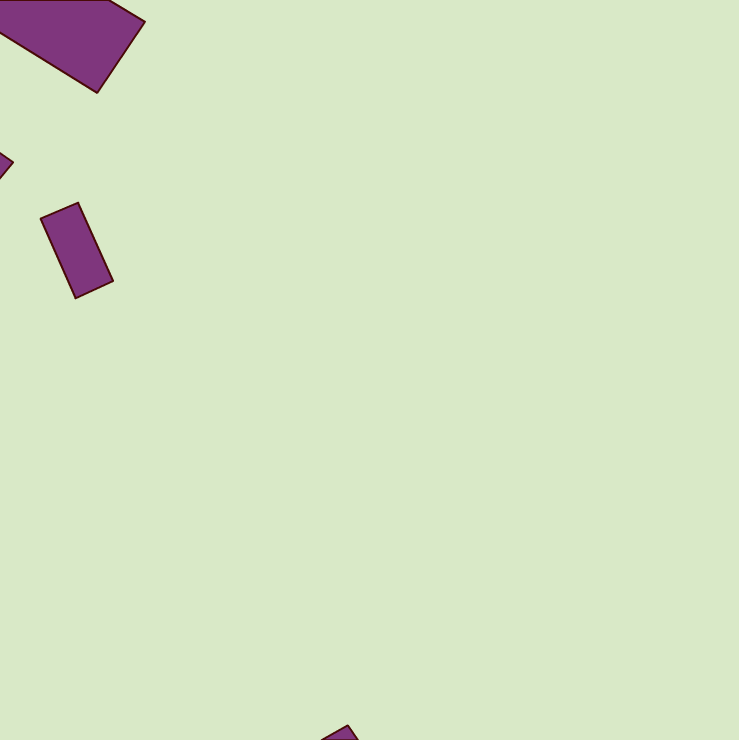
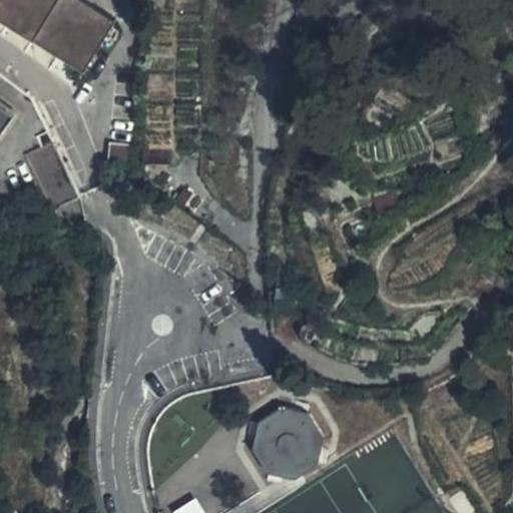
building: none -> [254,408,325,479]

